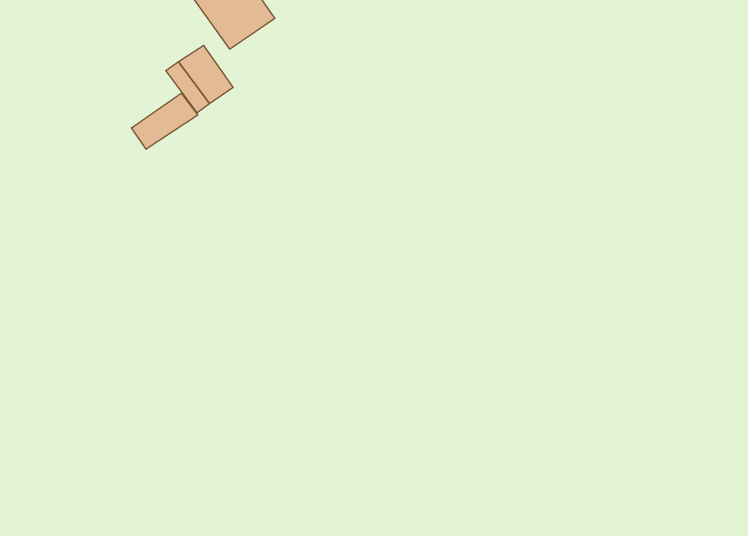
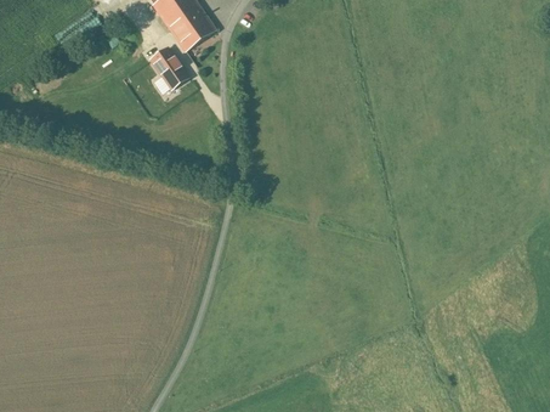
building: [131,93,198,149] -> none

